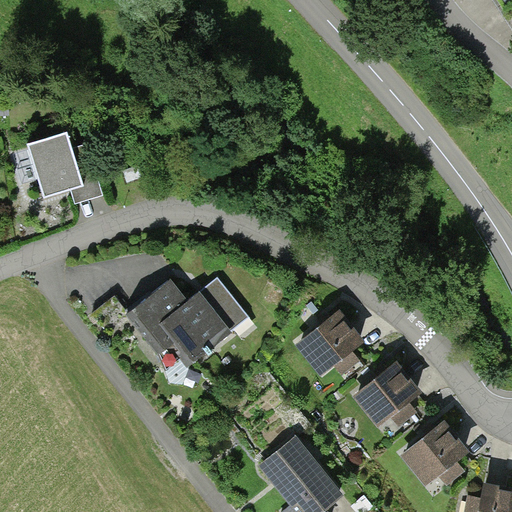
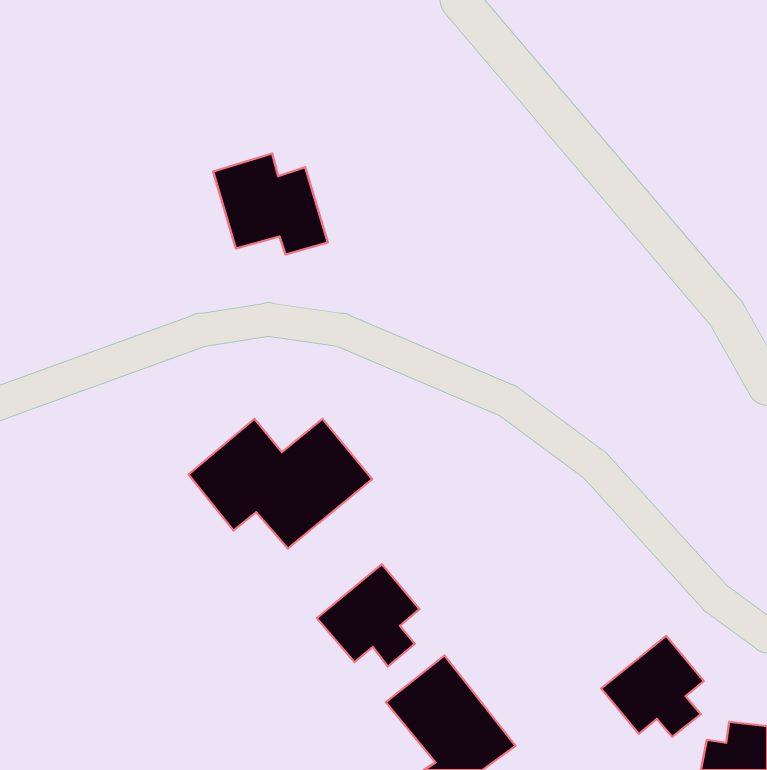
building: [27,135,103,202] -> [213,154,328,255]
building: [295,310,363,378] -> [317,564,419,667]
building: [355,364,423,431] -> none

